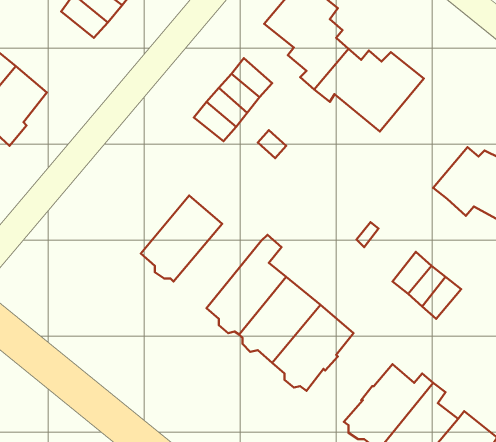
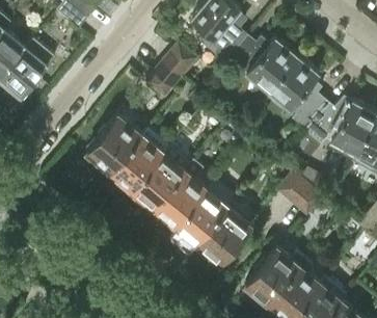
building: none -> [268,56,326,129]
building: none -> [85,114,141,173]
building: none -> [131,153,189,209]

